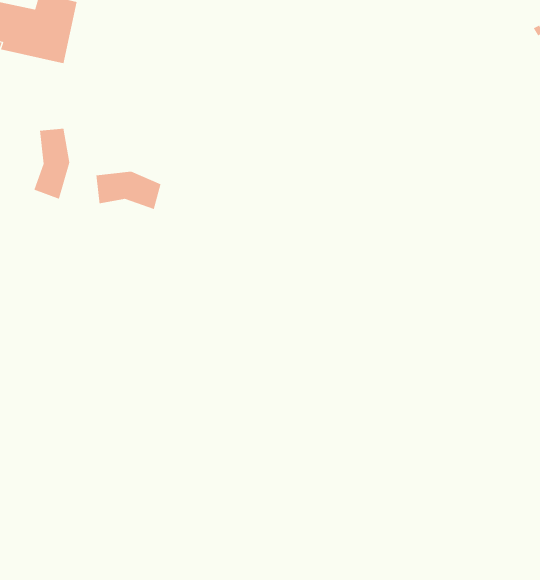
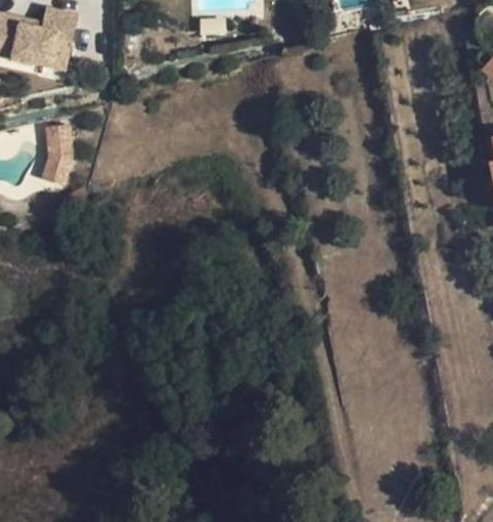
building: [96,171,161,210] -> none

